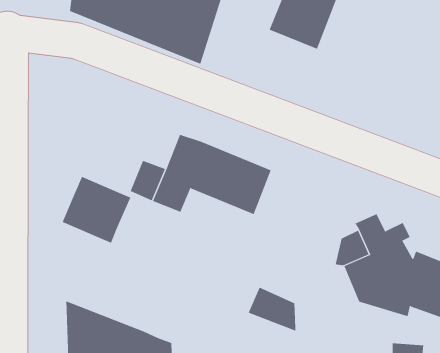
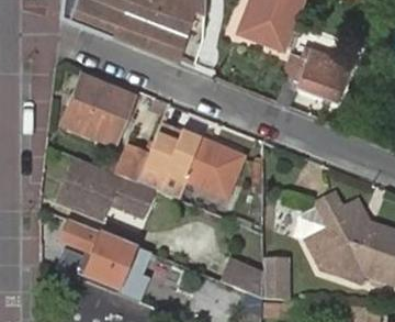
building: none -> [278,45,350,103]
building: none -> [63,75,134,144]
building: none -> [106,178,151,220]
building: none -> [57,219,151,297]
building: none -> [263,253,286,296]

